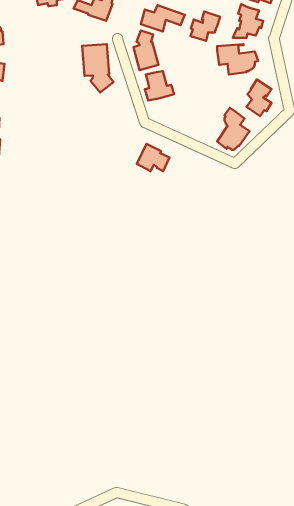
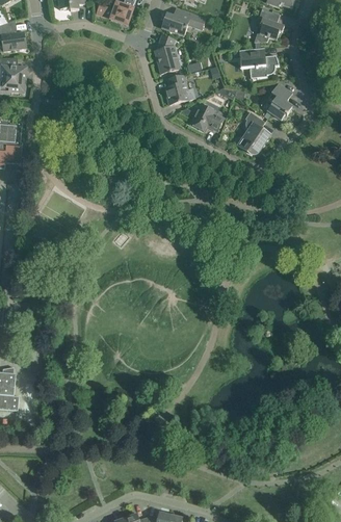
building: [191,11,220,41] -> none
building: [82,44,113,93] -> none
building: [137,144,169,171] -> [190,104,222,131]

